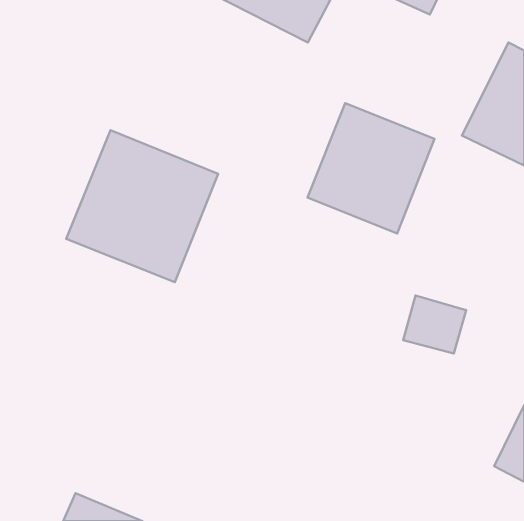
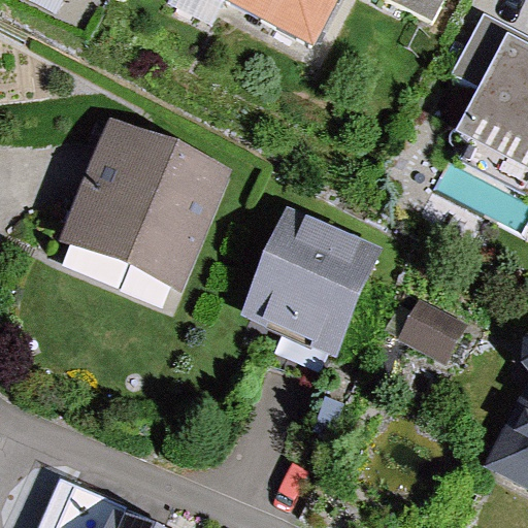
building: [307,103,435,234] -> none
building: none -> [249,220,369,348]

